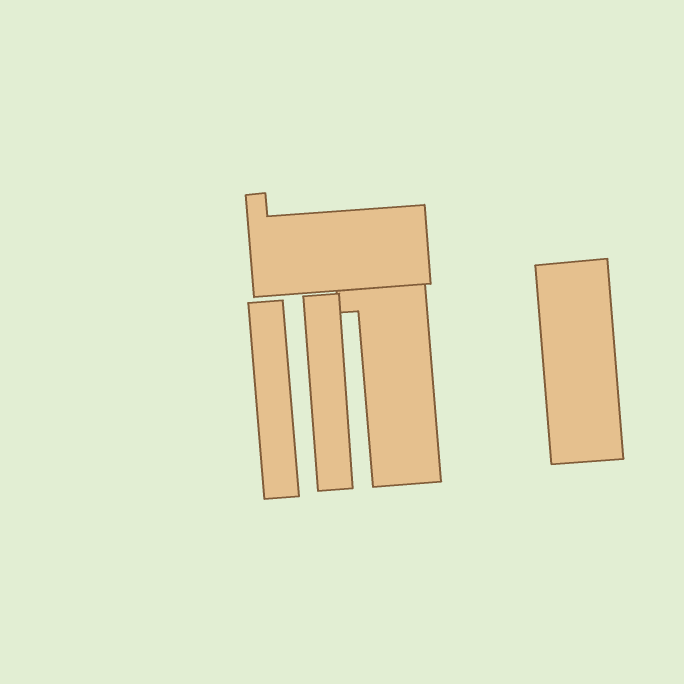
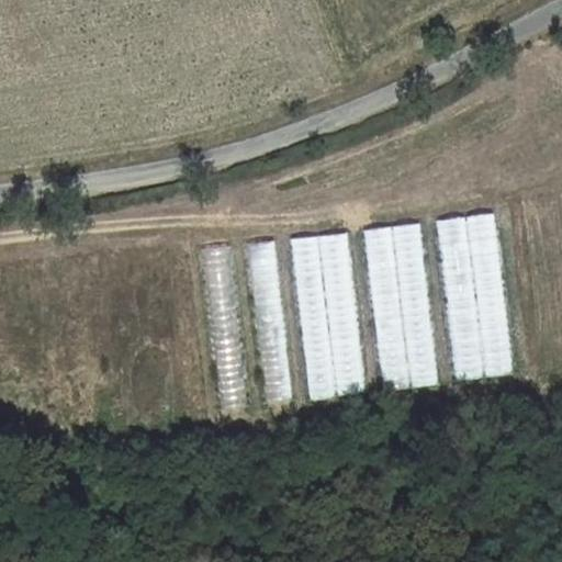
building: [246,193,431,297] -> none
building: none -> [366,223,437,392]

